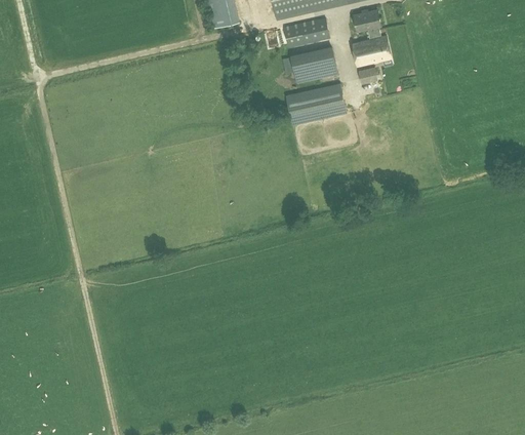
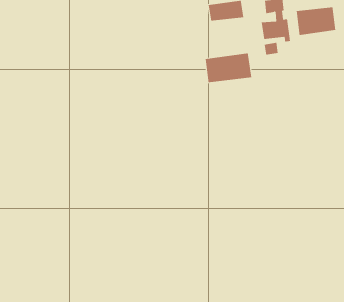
building: none -> [296,6,336,36]
building: [282,46,338,81] -> none

